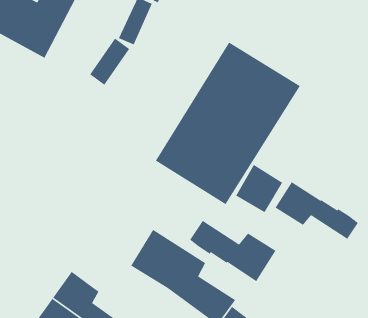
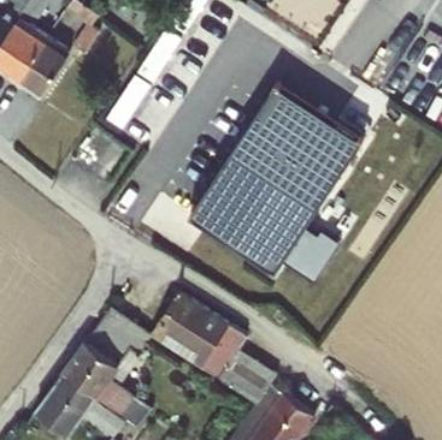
building: [274,181,359,240] -> none
building: [189,220,276,282] -> none
building: none -> [89,310,158,370]

